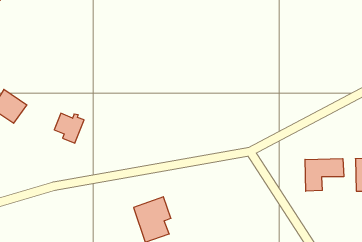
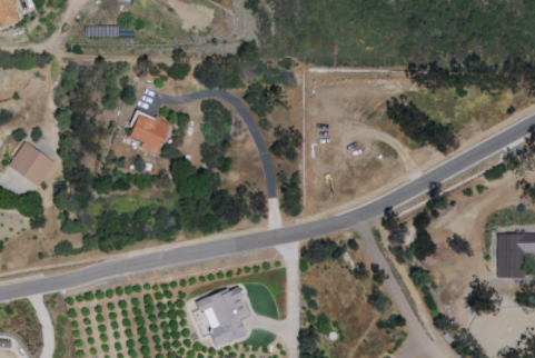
building: [54,113,84,143] -> [129,113,169,153]
building: [305,159,344,191] -> none

